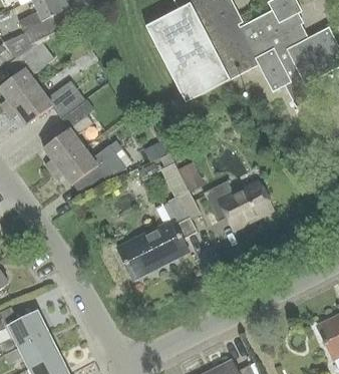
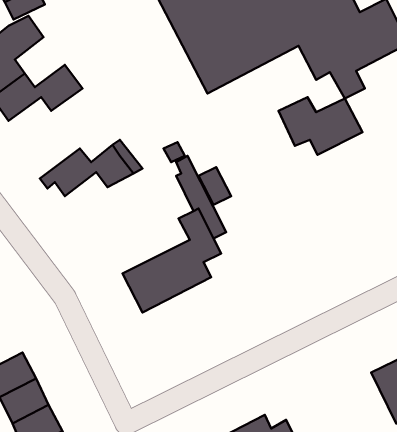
building: [43,113,93,170] -> none
building: [204,180,271,227] -> [279,97,362,155]

